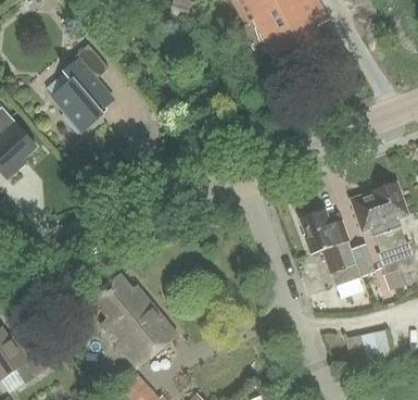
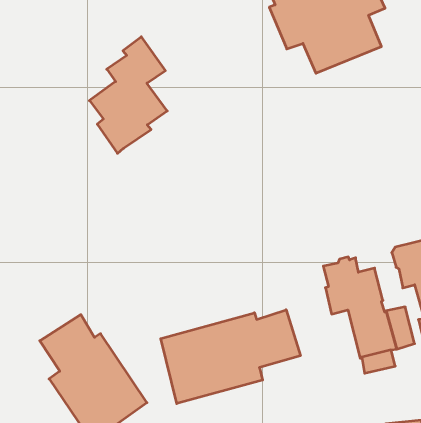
building: [52,43,112,134] -> [89,37,167,153]
building: none -> [161,310,300,404]

